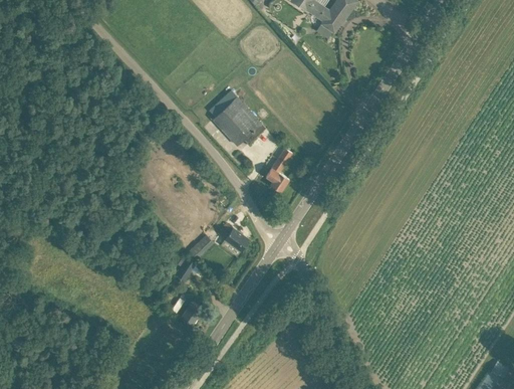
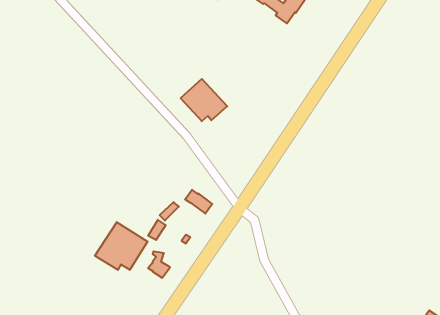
building: [266,149,292,193] -> none
building: none -> [95,222,148,270]

